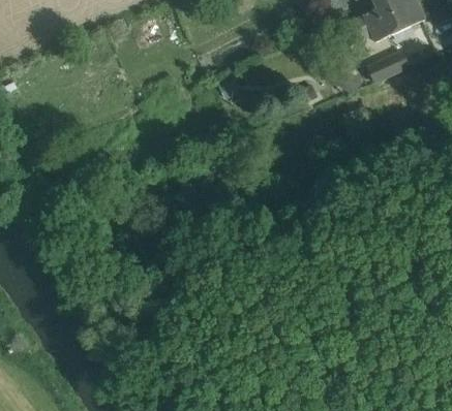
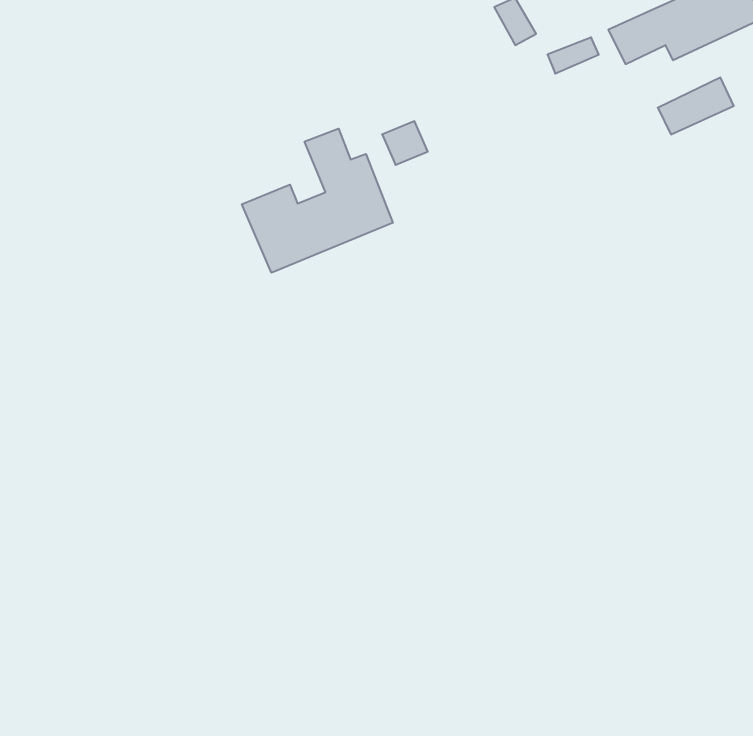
building: none -> [242,129,393,273]

